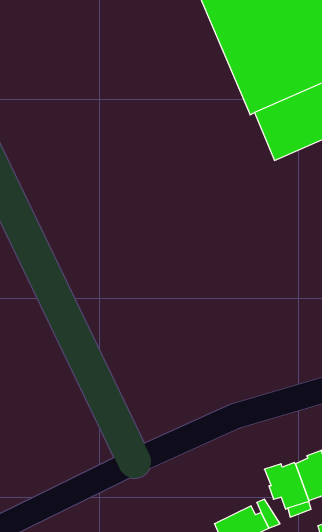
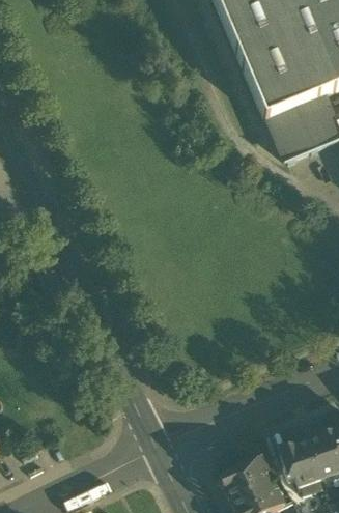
building: none -> [220,451,269,493]

